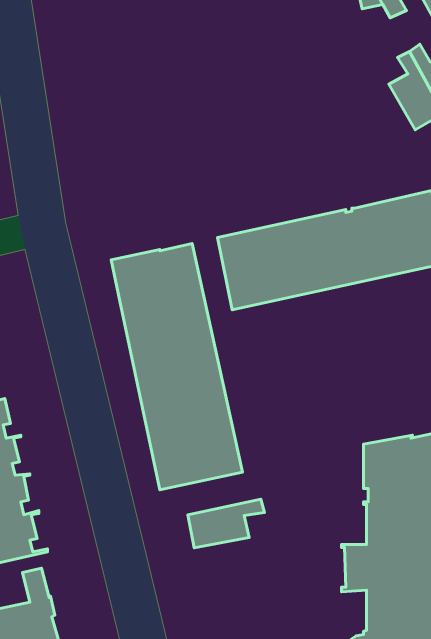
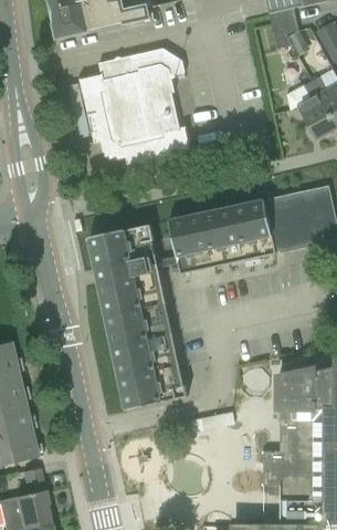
building: none -> [80,48,197,164]
building: [188,499,264,548] -> none

